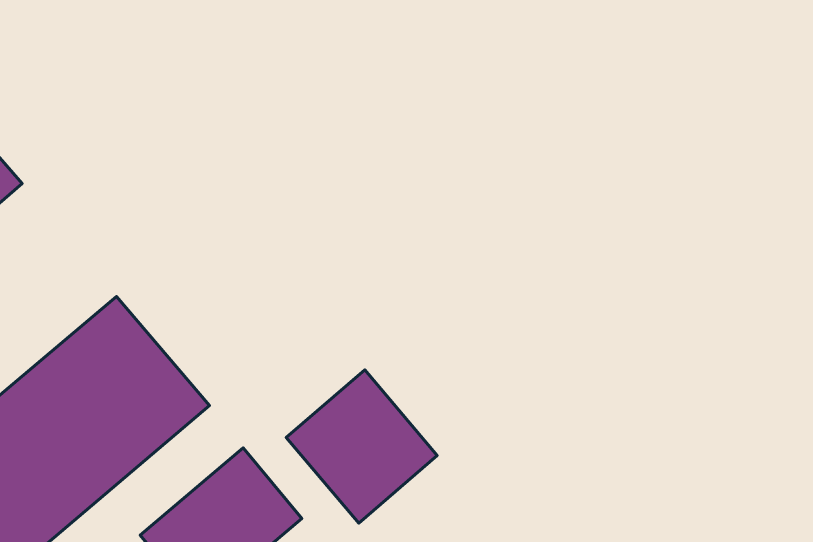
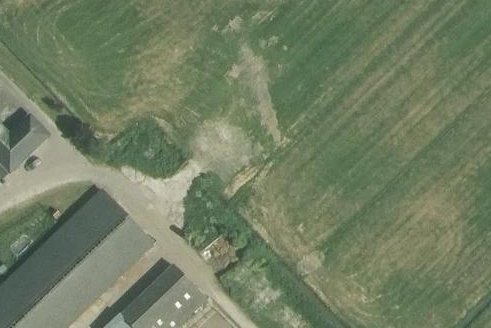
building: [286,370,437,523] -> none

